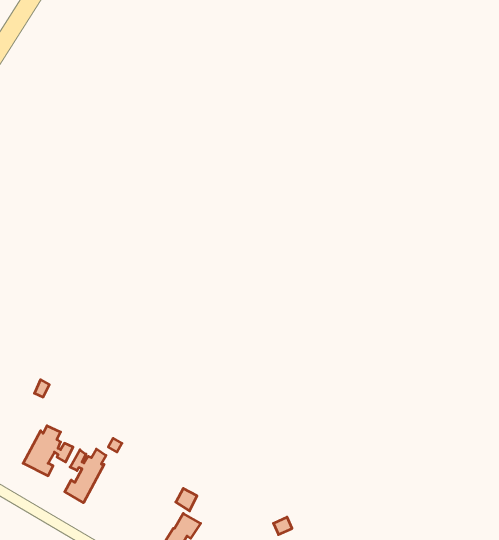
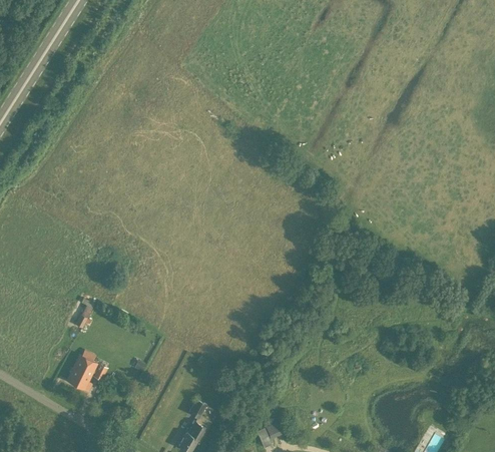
building: [65,449,106,503] -> none

